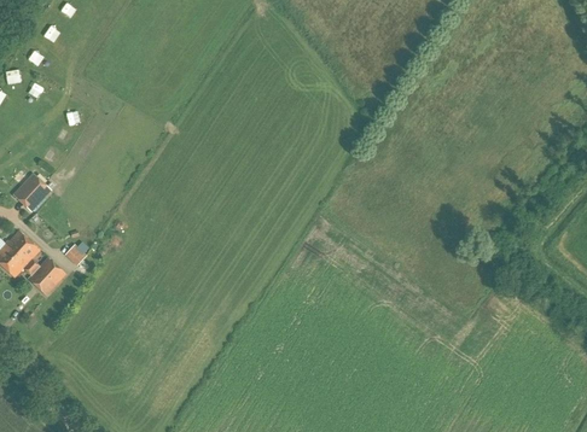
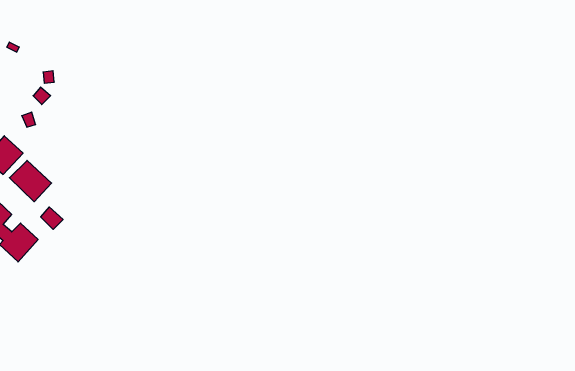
building: none -> [9,160,52,202]

